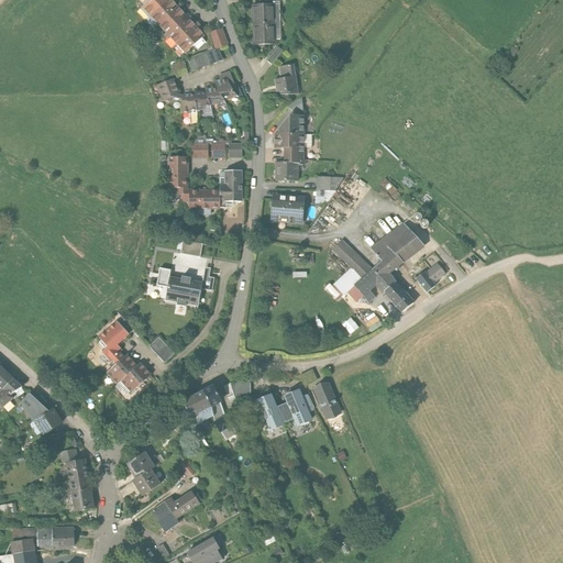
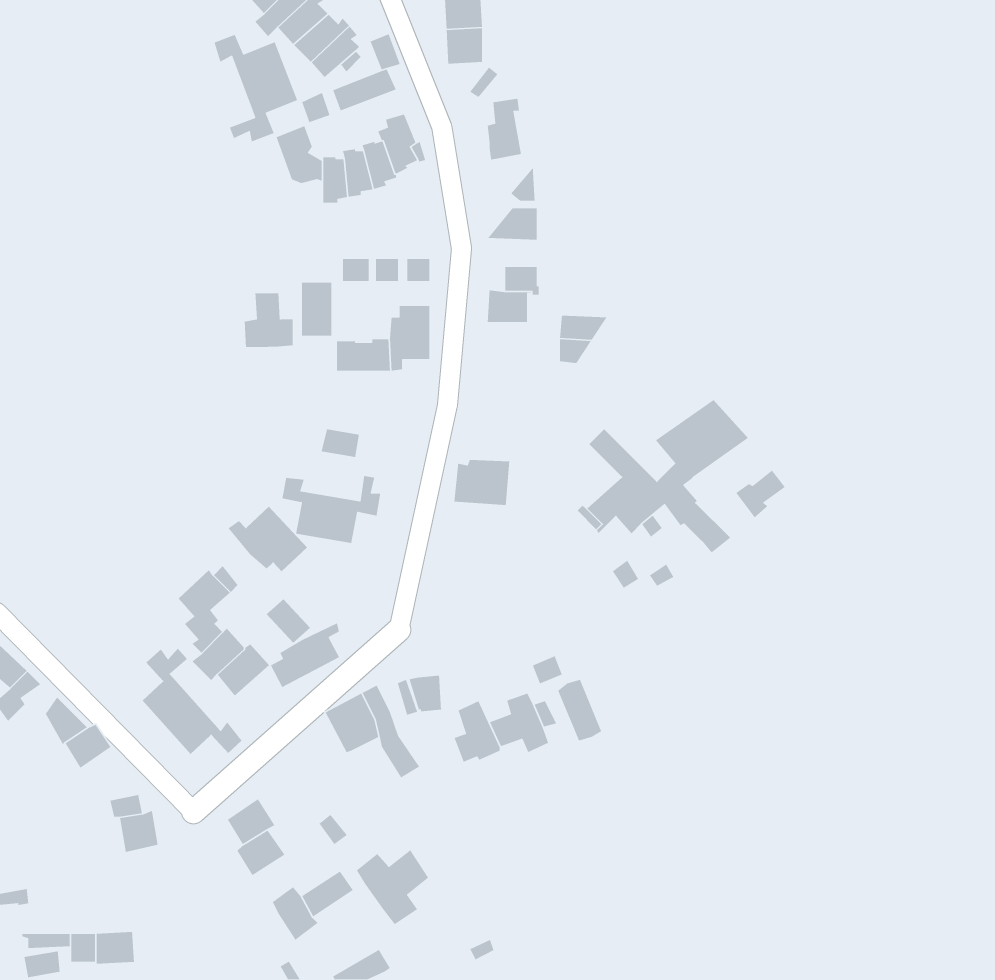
building: none -> [214,34,298,142]
building: [274,134,302,150] -> none
building: none -> [244,292,294,348]
building: [271,197,302,223] -> [454,459,510,506]
building: none -> [228,506,308,572]
building: none -> [270,622,340,688]
building: none -> [142,648,243,755]
building: [70,475,95,508] -> none
building: none -> [356,849,429,925]

